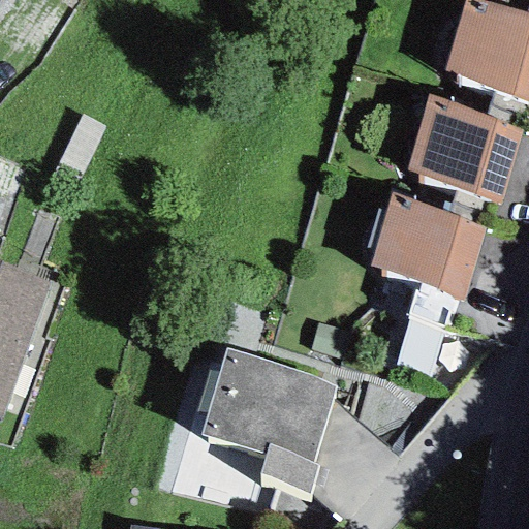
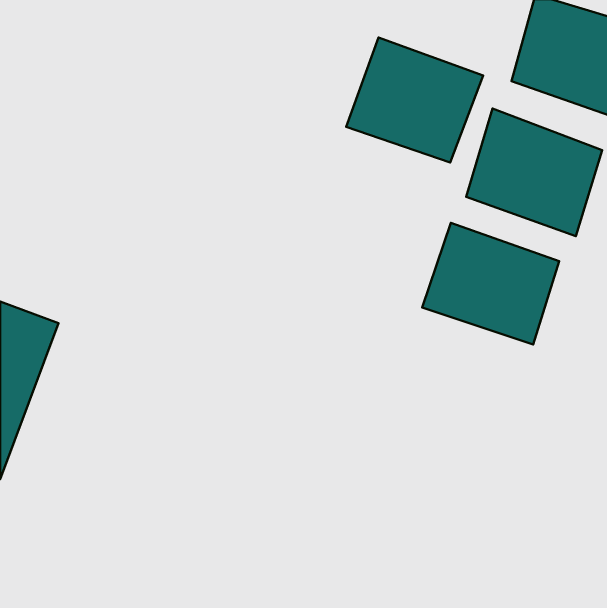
building: none -> [346,37,483,163]
building: [200,349,337,492] -> none

